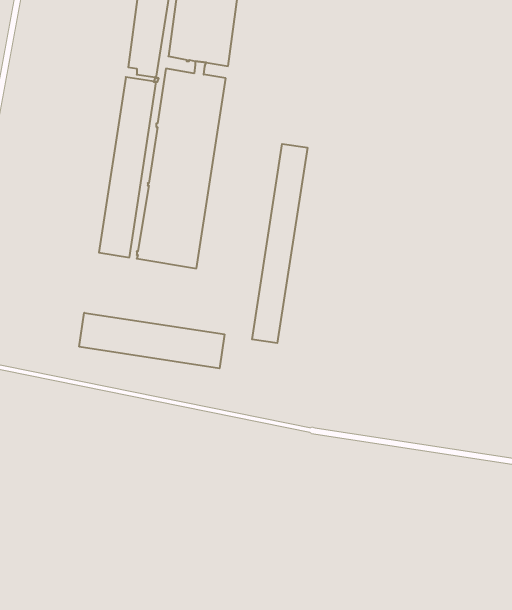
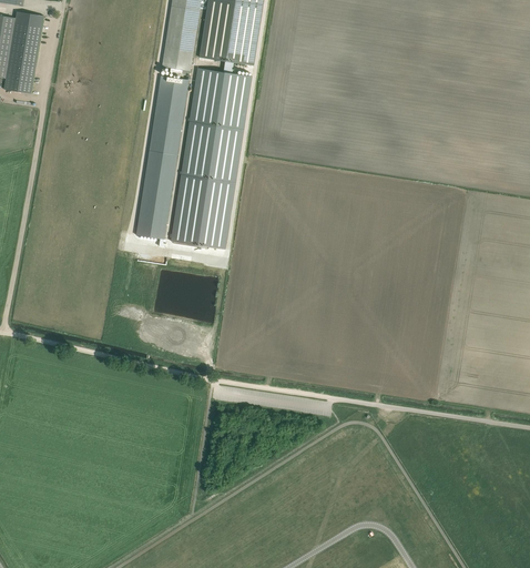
building: [252,144,307,343] -> none
building: [79,313,224,368] -> none

